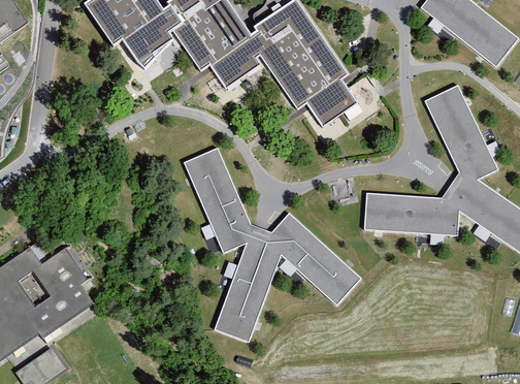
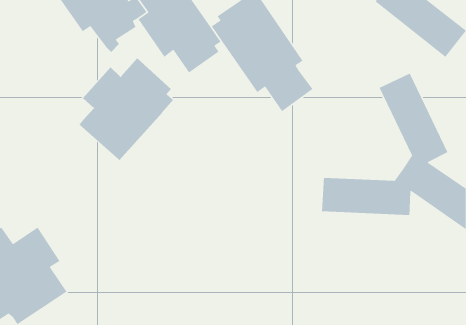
building: none -> [78,58,174,161]
building: [183,149,359,341] -> none

